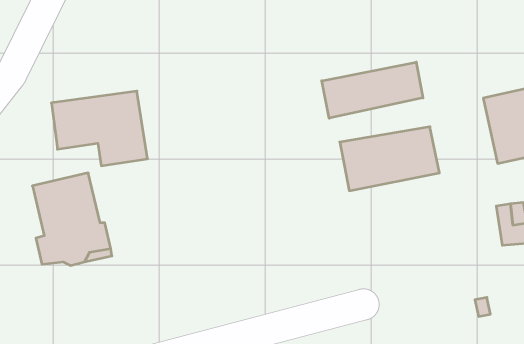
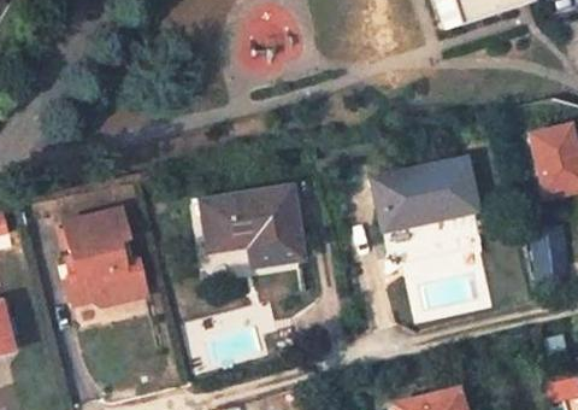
building: [322,62,423,118] -> none
building: [51,91,148,166] -> [205,189,302,265]

